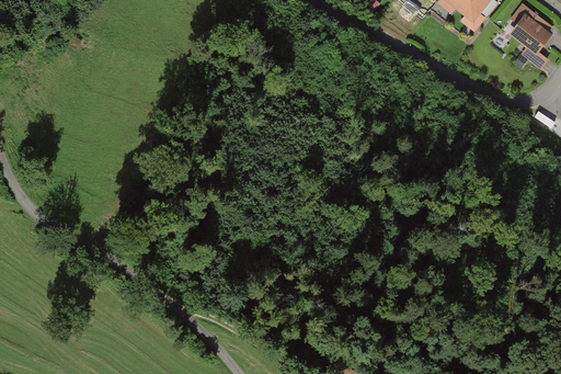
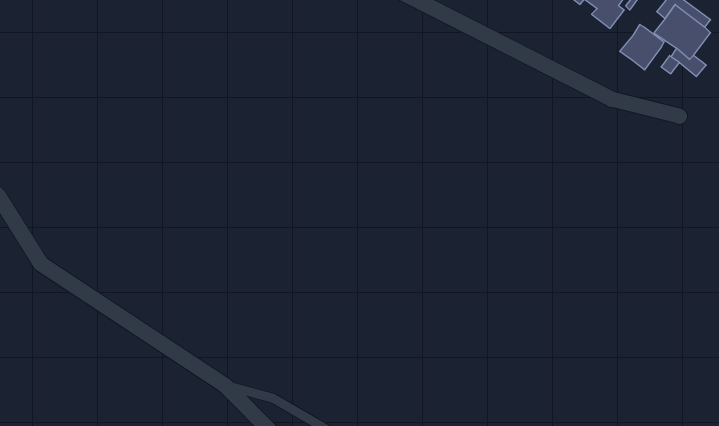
building: none -> [620,24,664,70]

